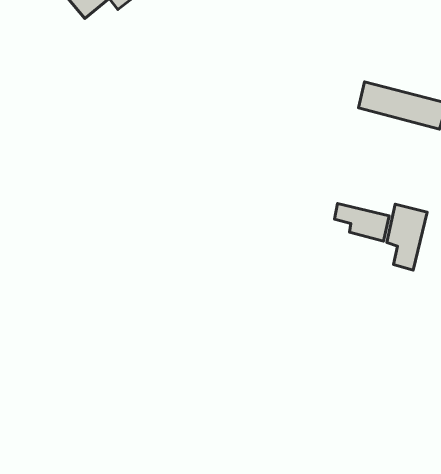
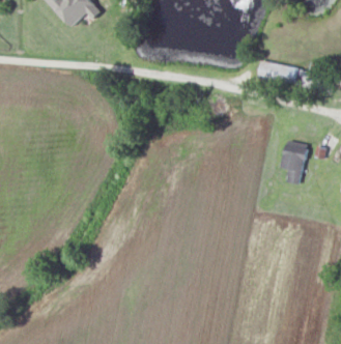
building: [334,203,389,241] -> none

